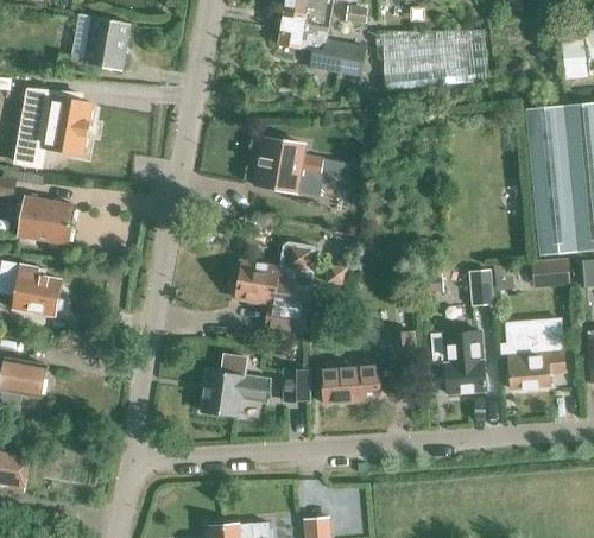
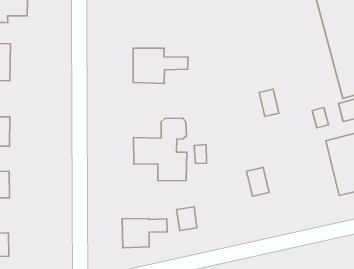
building: [470,270,493,305] -> [259,89,279,116]
building: [428,336,486,394] -> none
building: [321,360,383,404] -> none

